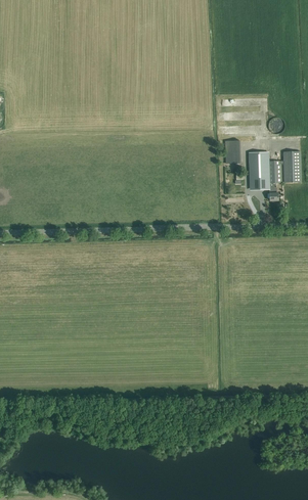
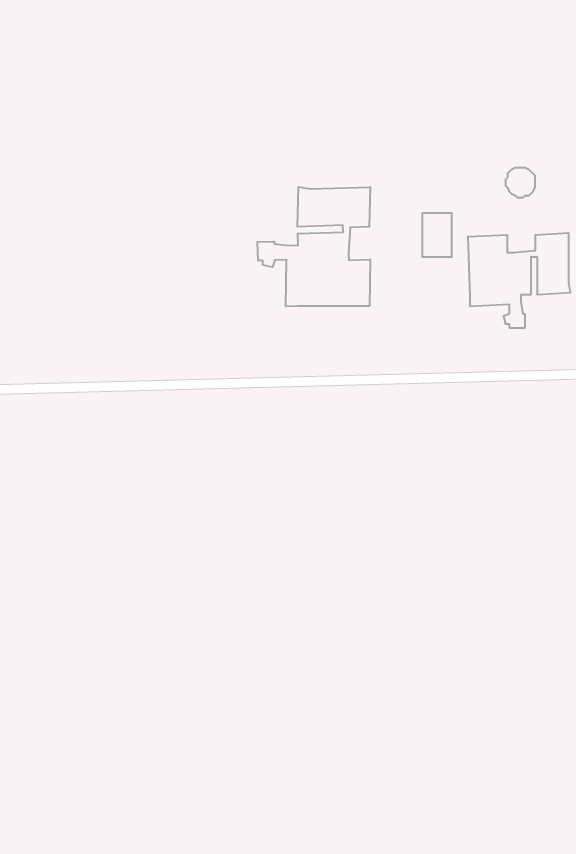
building: none -> [257,187,370,306]

